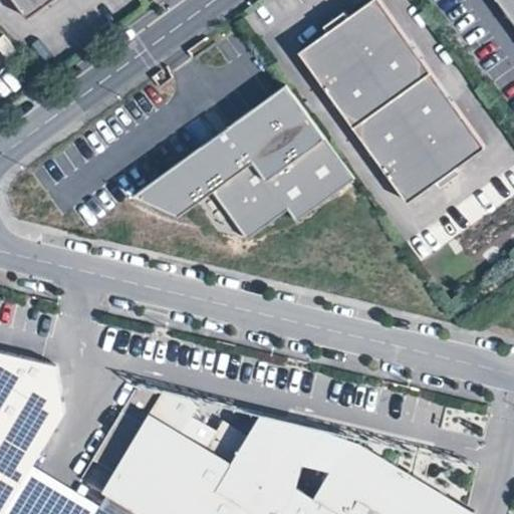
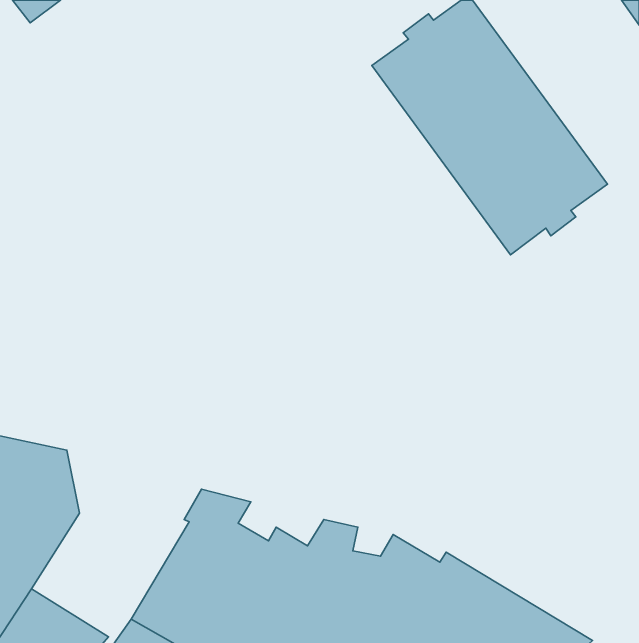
building: [131,85,351,240] -> none

